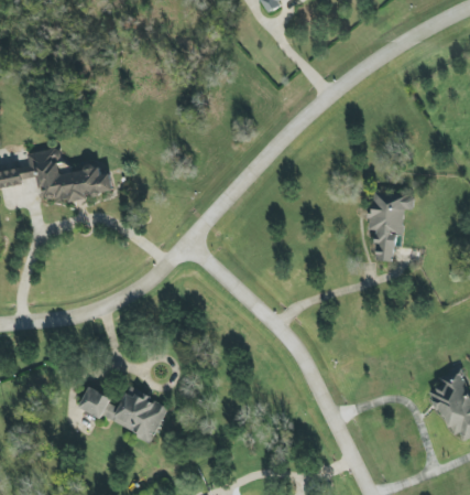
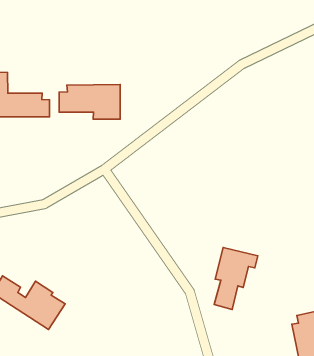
building: none -> [59,85,120,119]
building: [369,191,414,261] -> [214,247,258,309]

